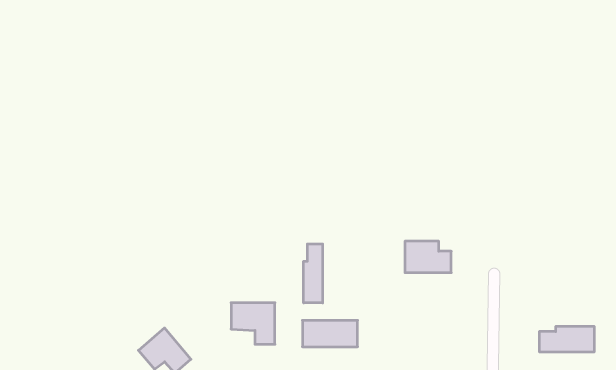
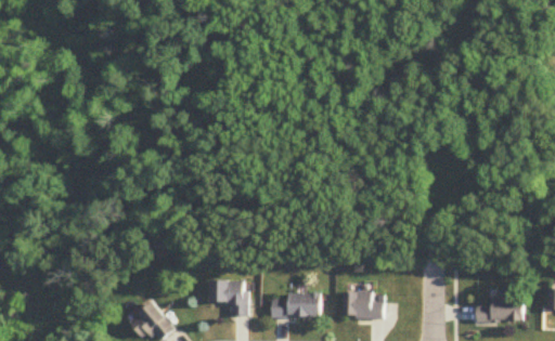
building: [405,241,451,273] -> [341,291,382,318]
building: [304,244,323,303] -> none

